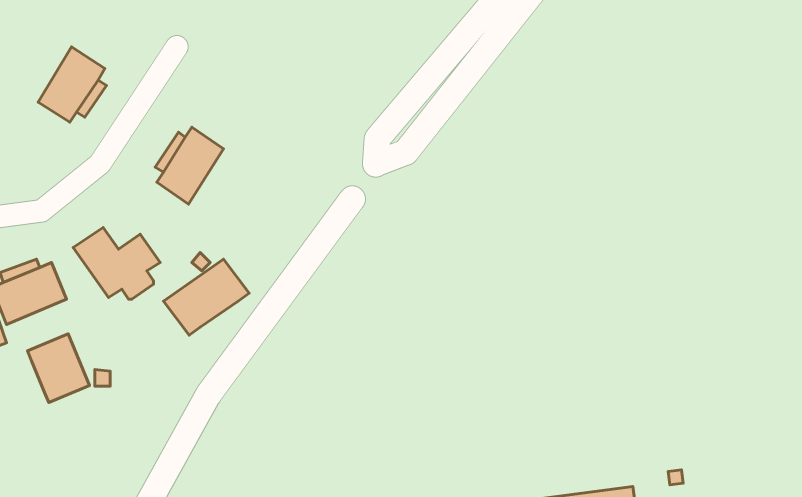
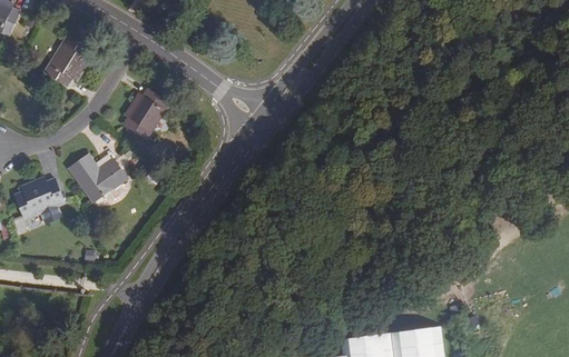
building: [164,259,249,335] -> none
building: [27,334,89,403] -> none

